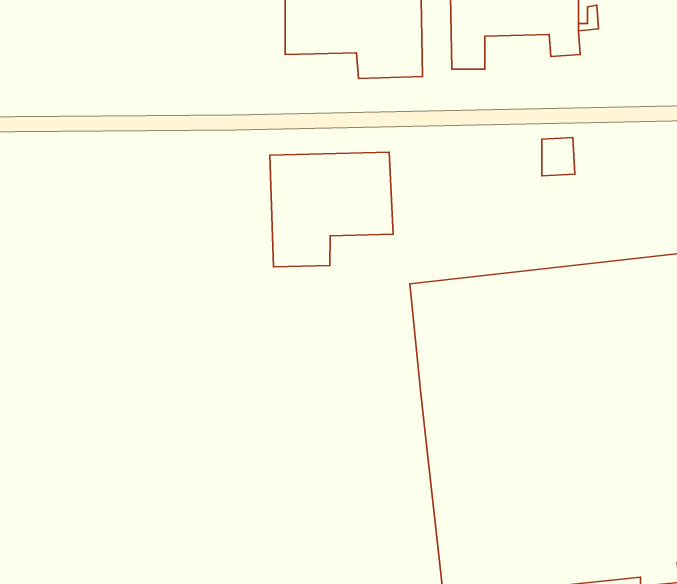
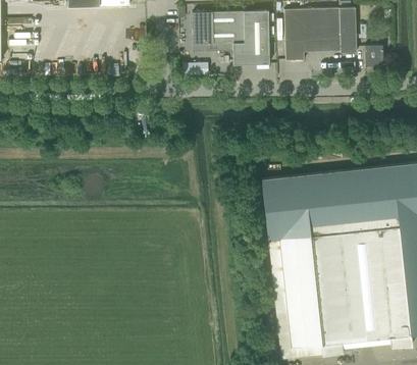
building: [542,137,575,176] -> [365,44,383,65]
building: [270,152,393,267] -> none

